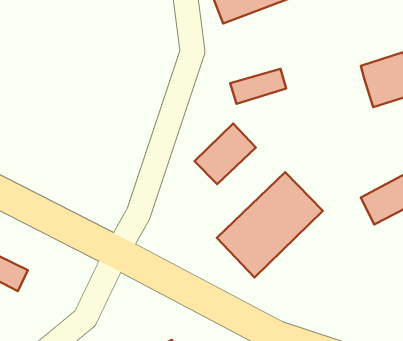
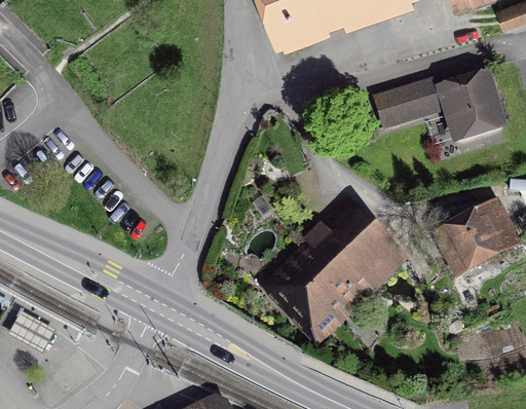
building: [230,69,286,104] -> [380,82,444,122]
building: [194,124,256,184] -> none

